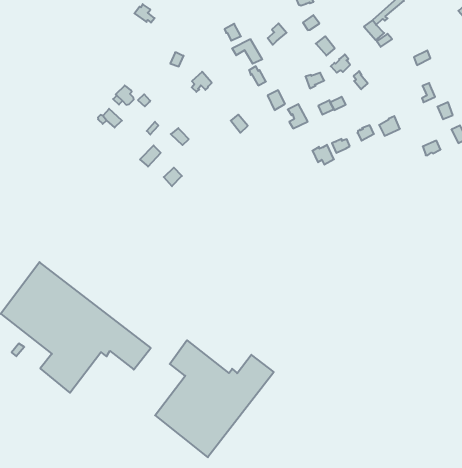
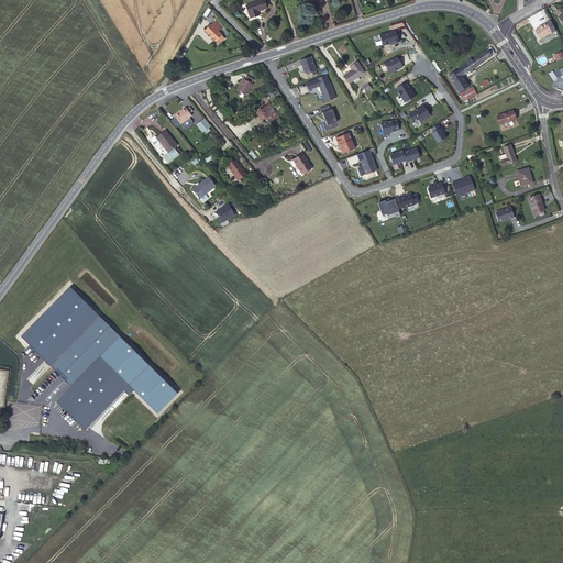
building: [155,340,274,457] -> none

